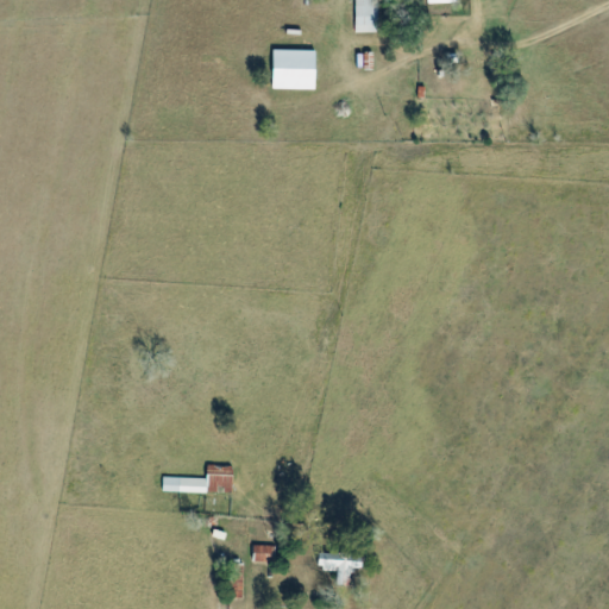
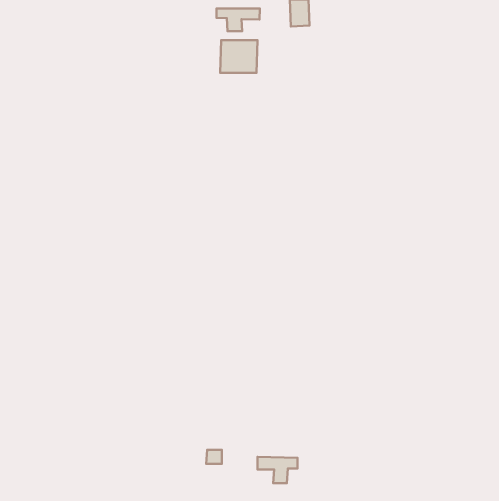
building: none -> [216,8,260,31]
building: [162,465,233,492] -> none

